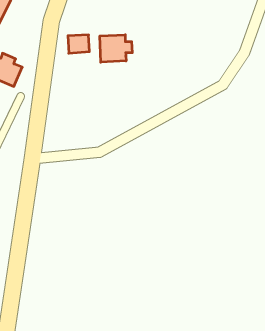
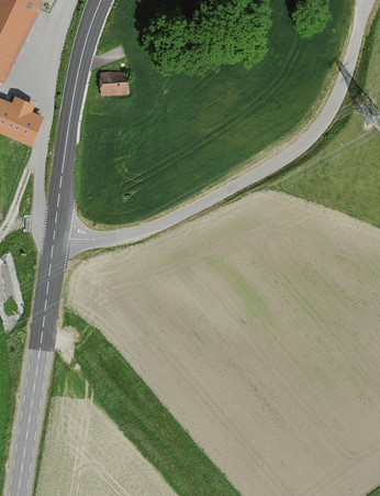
building: [100,35,132,62] -> none

